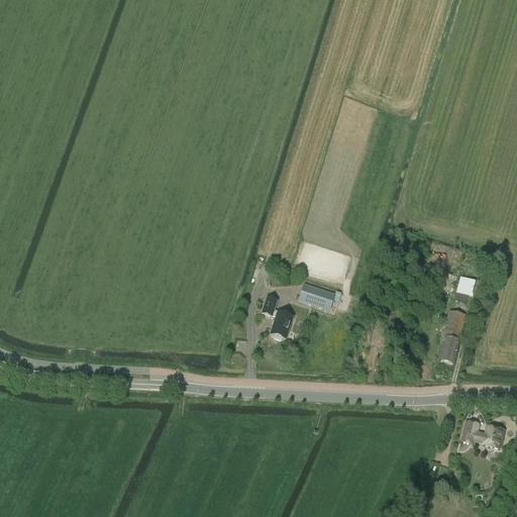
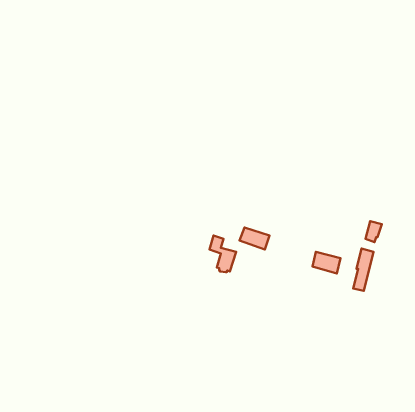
building: none -> [313,252,341,273]
building: [461,420,504,446] -> none

